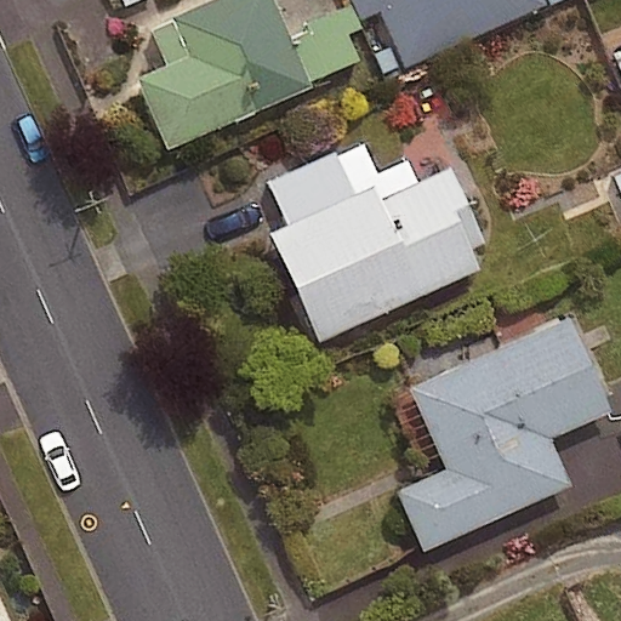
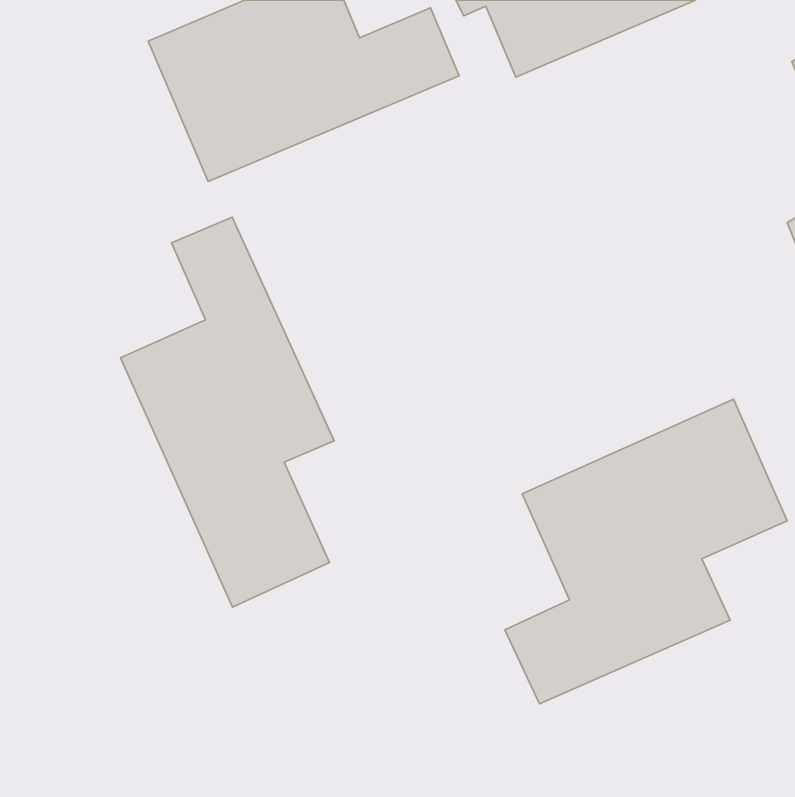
building: [270,142,482,341] -> none
building: none -> [121,217,334,607]

